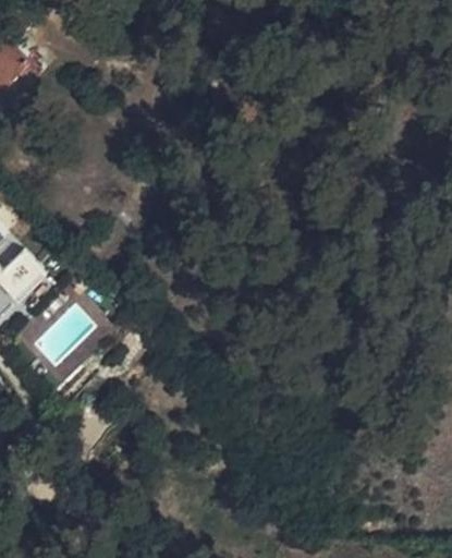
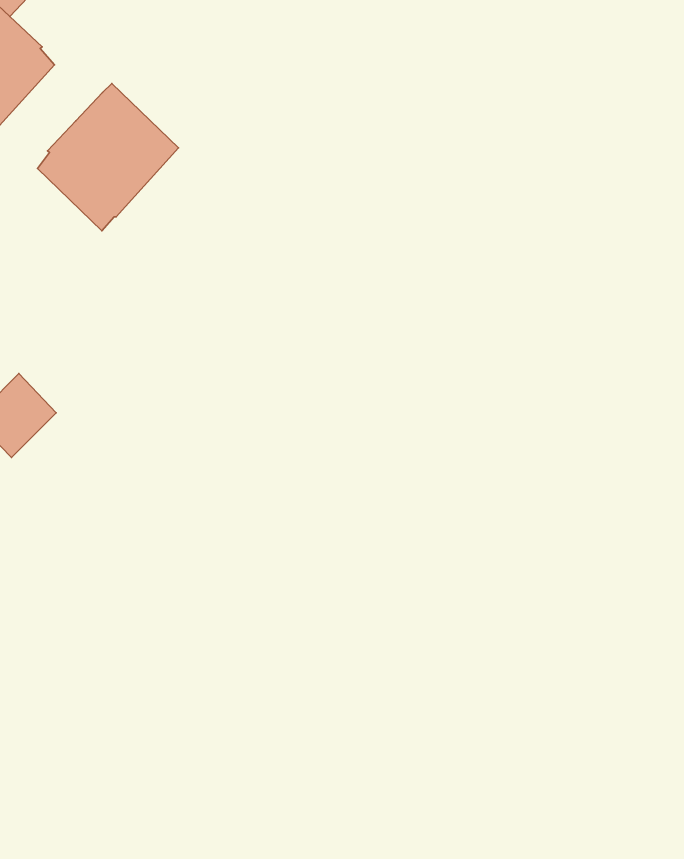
building: none -> [37,84,178,231]

